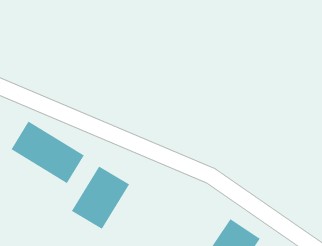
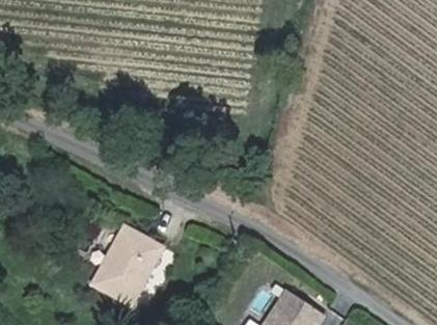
building: [10,120,85,184] -> none

